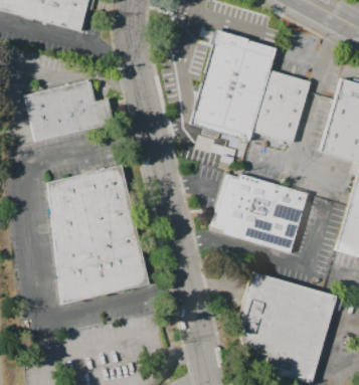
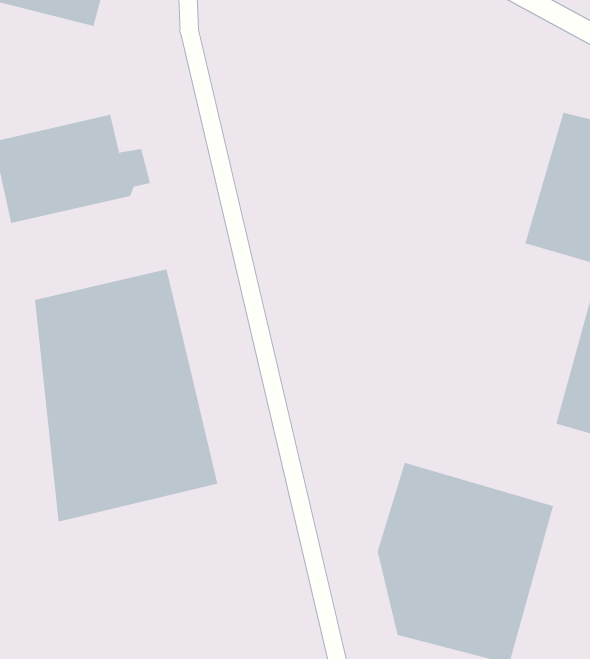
building: [190,31,310,144] -> none
building: [214,174,309,253] -> none

